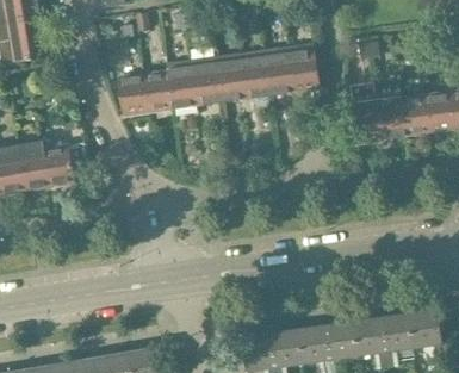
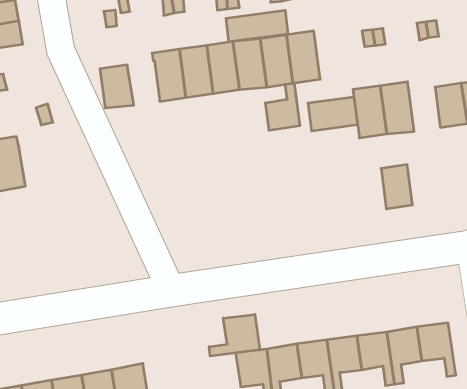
building: none -> [226,10,288,42]
building: [142,72,172,112] -> none
building: none -> [266,83,300,130]
building: [399,95,428,136] -> [381,165,412,209]
building: none -> [308,97,357,131]
building: [43,145,73,186] -> none
building: none -> [209,314,260,356]

